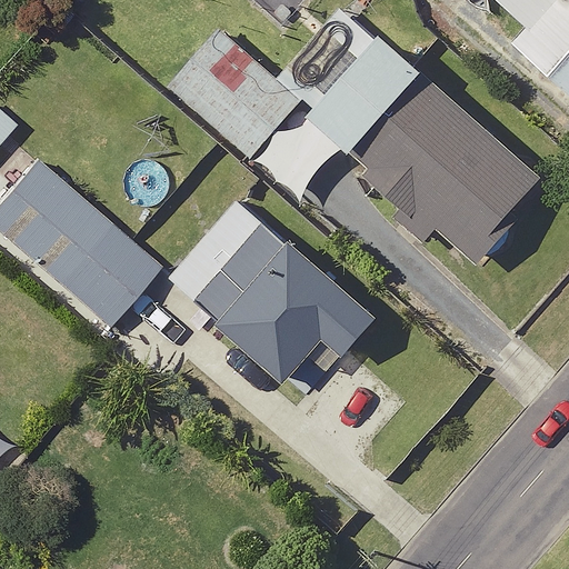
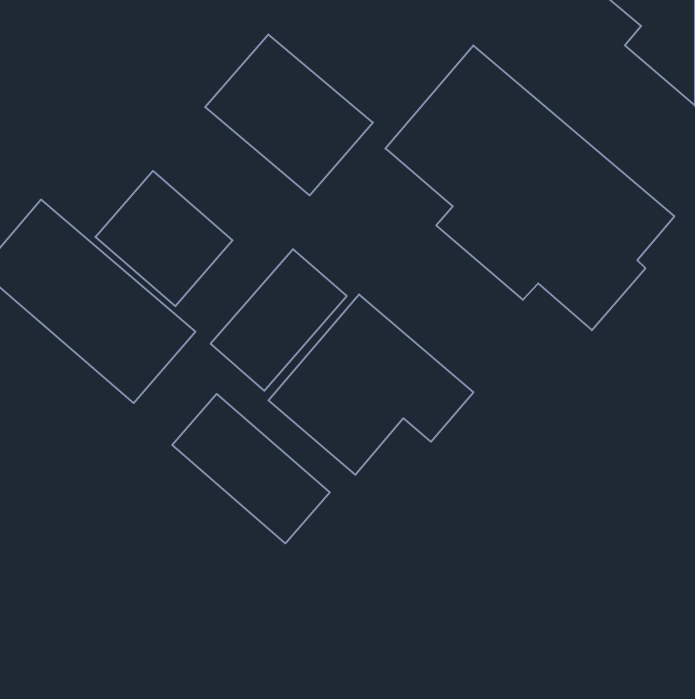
building: none -> [95,171,233,306]
building: none -> [172,394,330,543]

